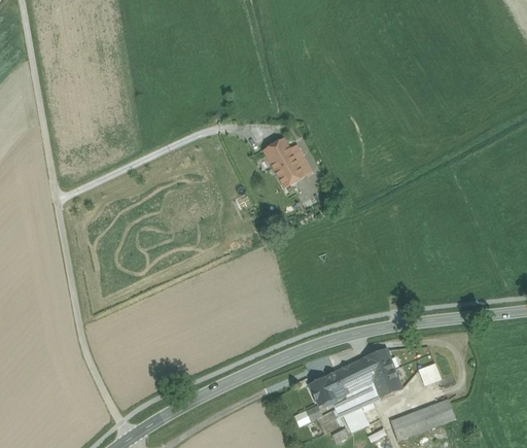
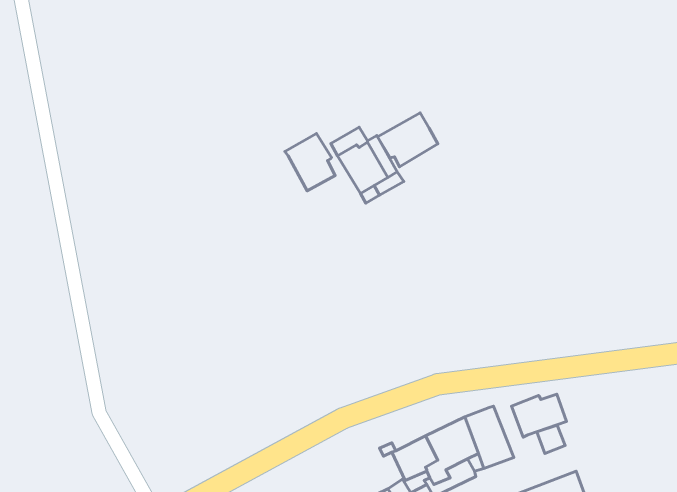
building: none -> [378,113,438,167]
building: none -> [285,133,335,191]
building: none -> [512,394,566,437]

